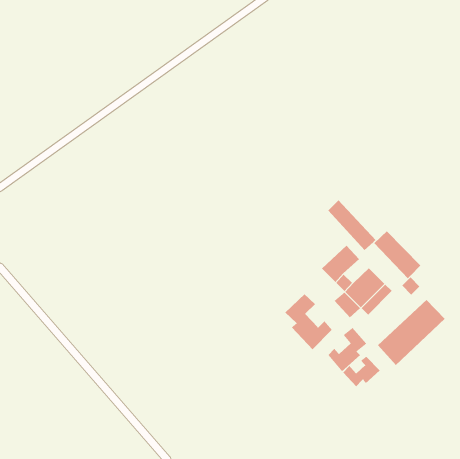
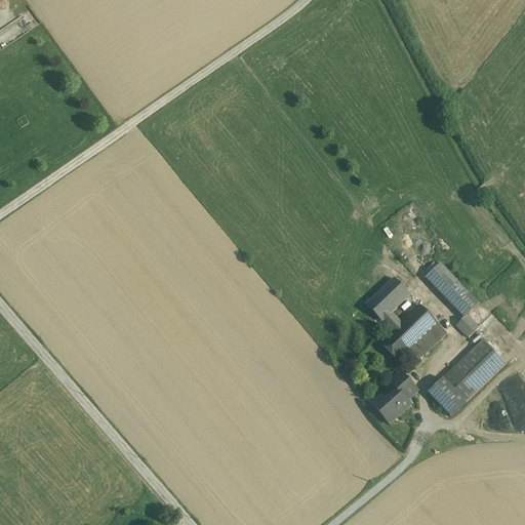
building: [327,200,377,251] -> none
building: [285,293,332,350] -> none
building: [343,356,380,387] -> none

